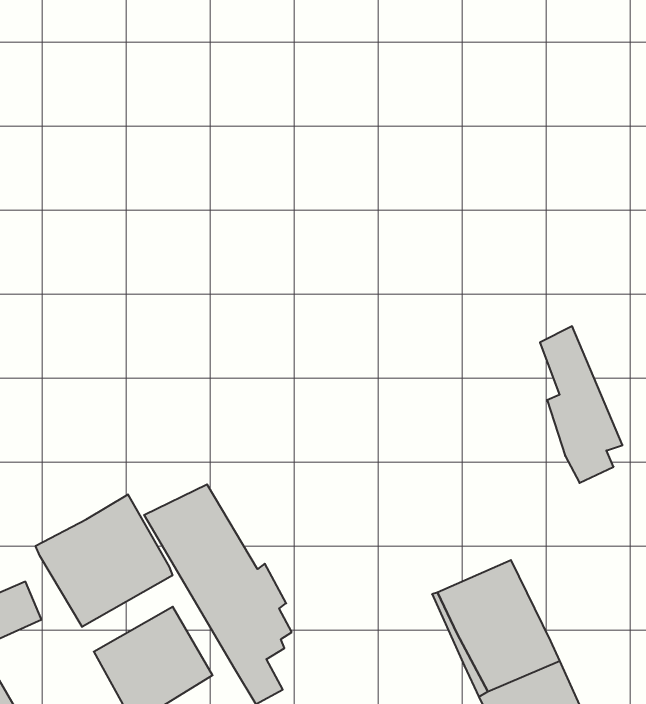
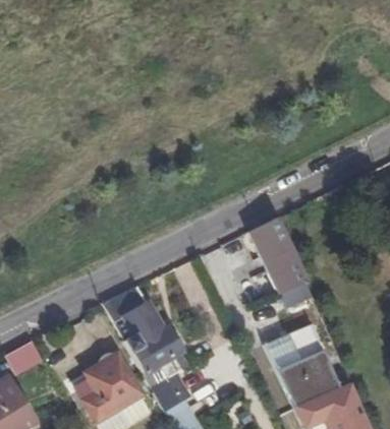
building: [540,326,623,483] -> [262,217,309,305]
building: [35,494,172,627] -> none

